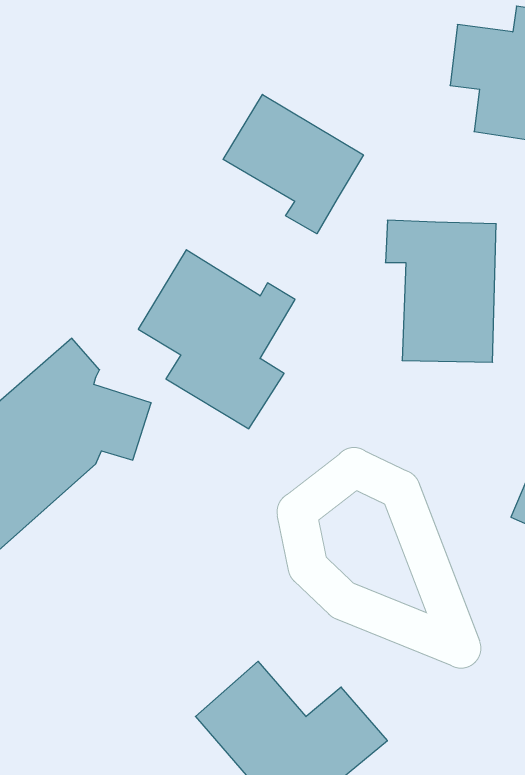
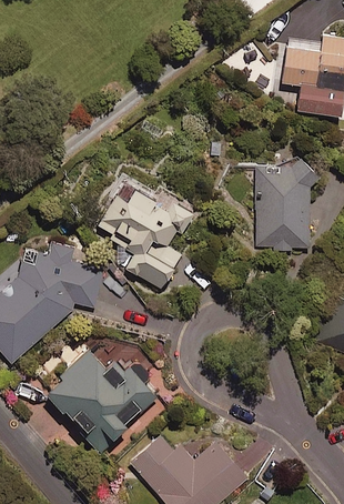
building: [223,94,363,234] -> none
building: none -> [45,352,156,451]

